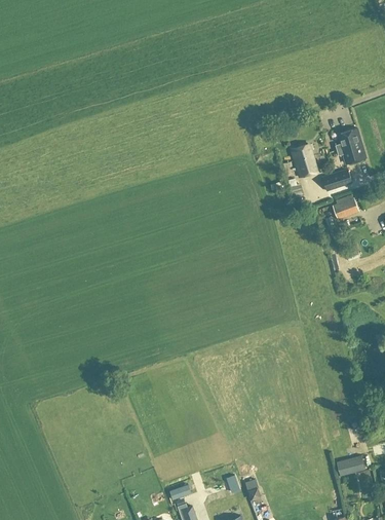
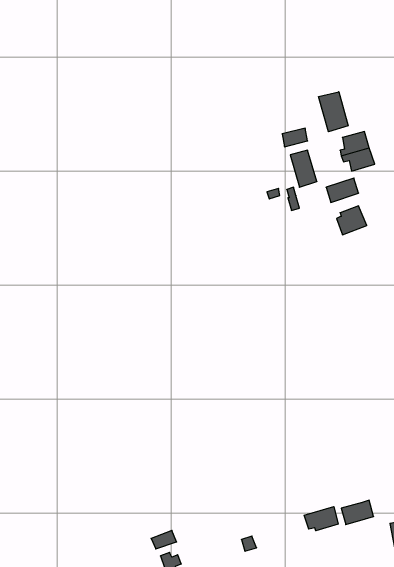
building: none -> [319,92,348,132]
building: none -> [304,507,338,531]

